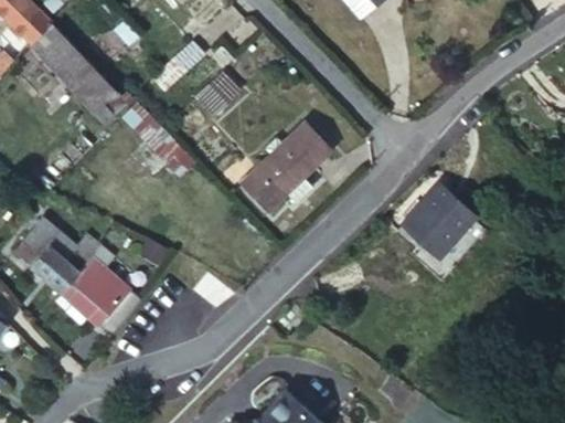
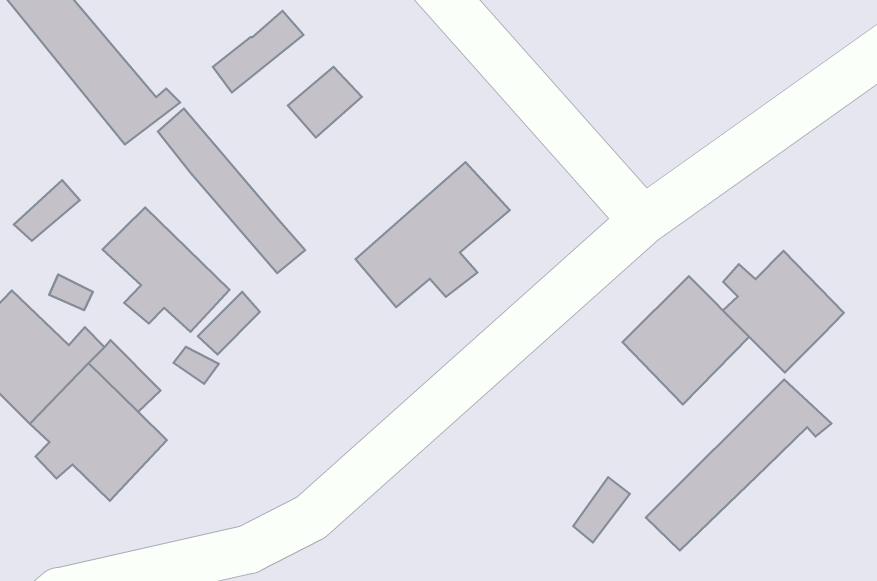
building: none -> [103,207,230,332]
building: none -> [723,251,844,373]
building: none -> [646,379,831,551]

